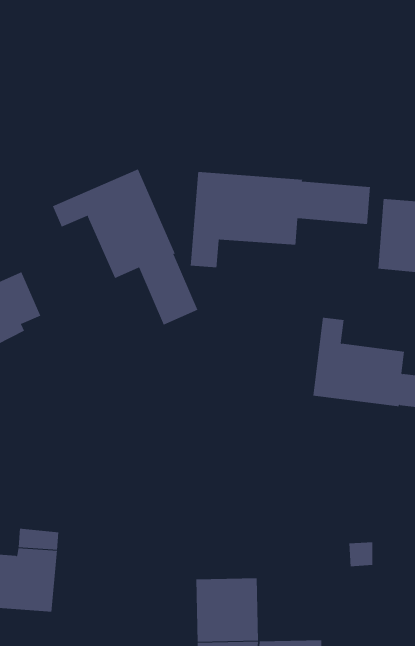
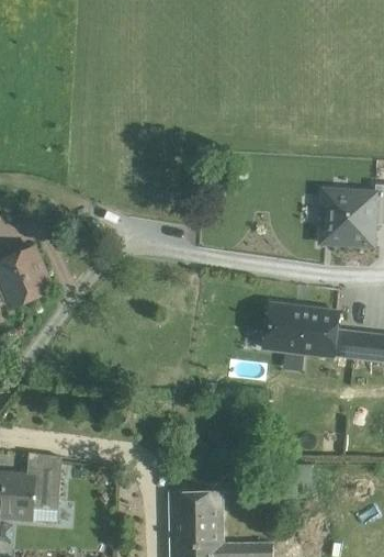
building: [52,168,198,325] -> none
building: [190,171,370,268] -> none

